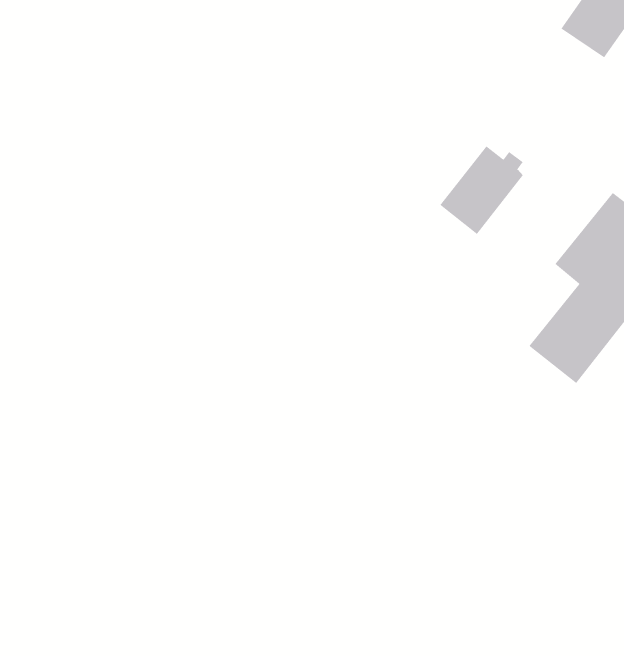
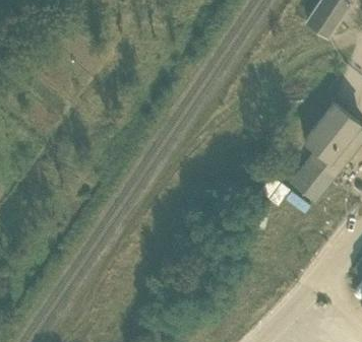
building: [440,145,524,235] -> none

